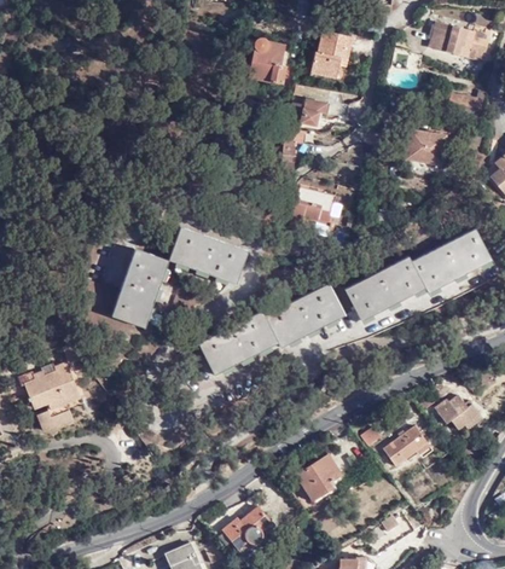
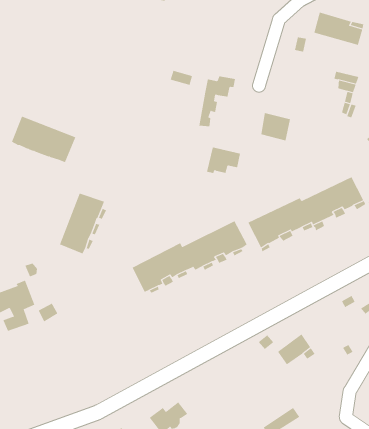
building: [312,29,350,76] -> none
building: [252,36,289,80] -> none
building: [408,129,447,166] -> [260,113,291,141]
building: [166,226,248,285] -> [11,116,76,163]
building: [435,394,480,429] -> none
building: [297,459,343,505] -> none

